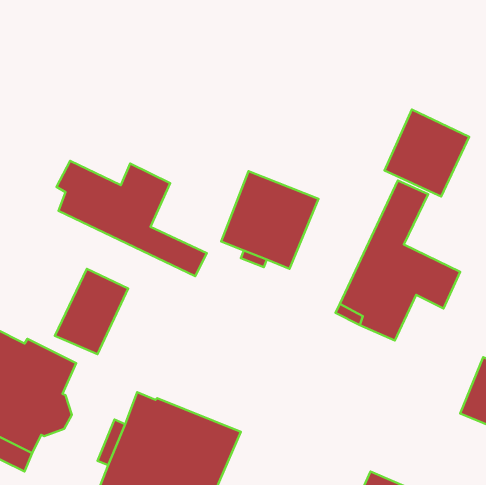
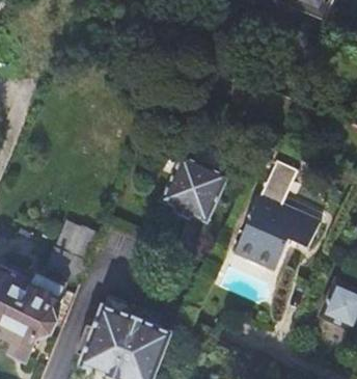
building: [384,110,469,196] -> none
building: [56,161,207,276] -> none

